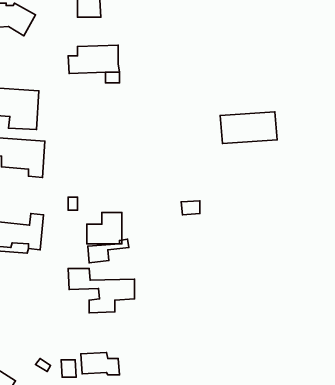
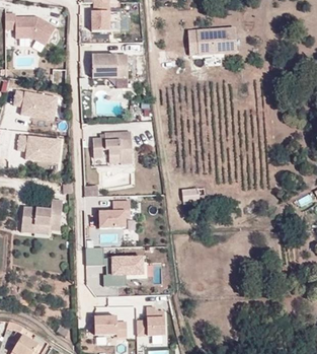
building: [220,112,277,143] -> [188,27,238,55]
building: none -> [93,132,133,164]
building: none -> [138,309,166,339]

